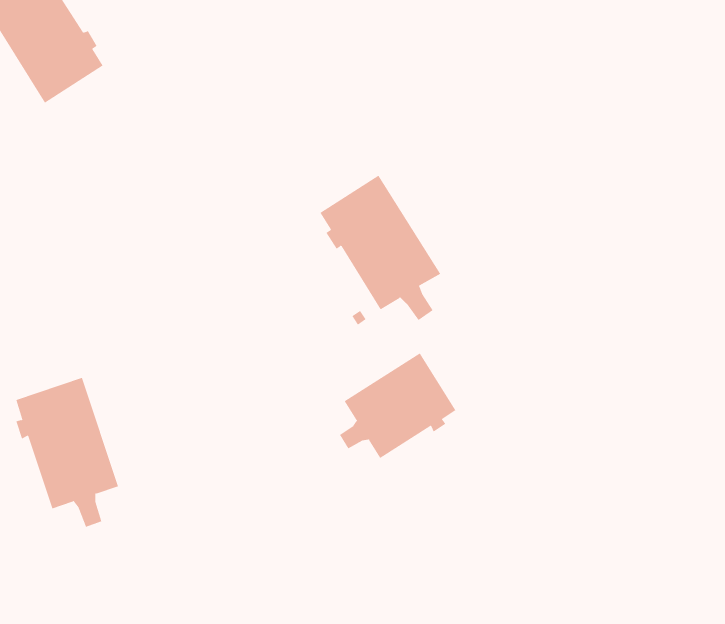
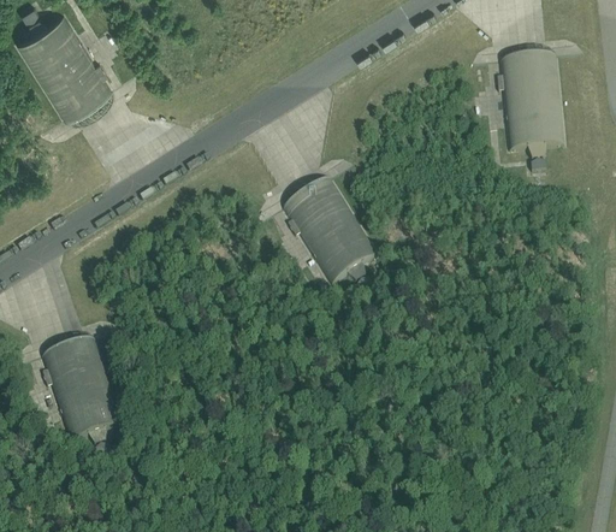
building: none -> [496,52,563,169]
building: [339,353,456,459] -> none

